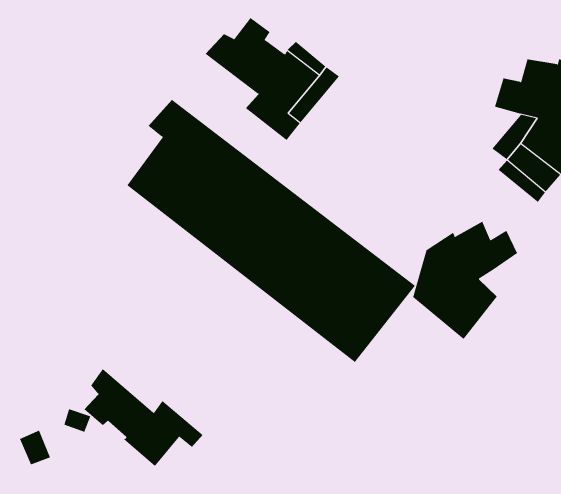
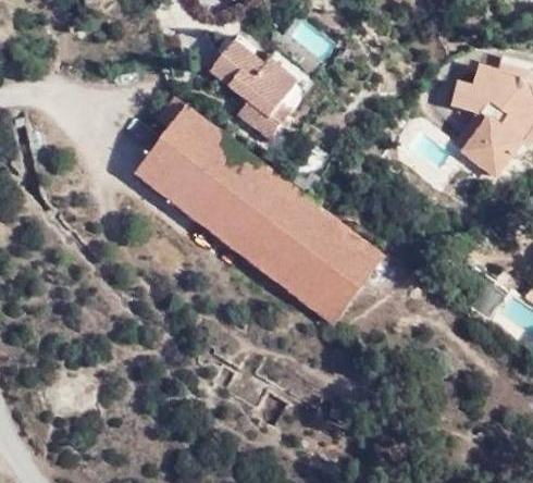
building: [412,221,518,340] -> none
building: [84,368,203,467] -> none

